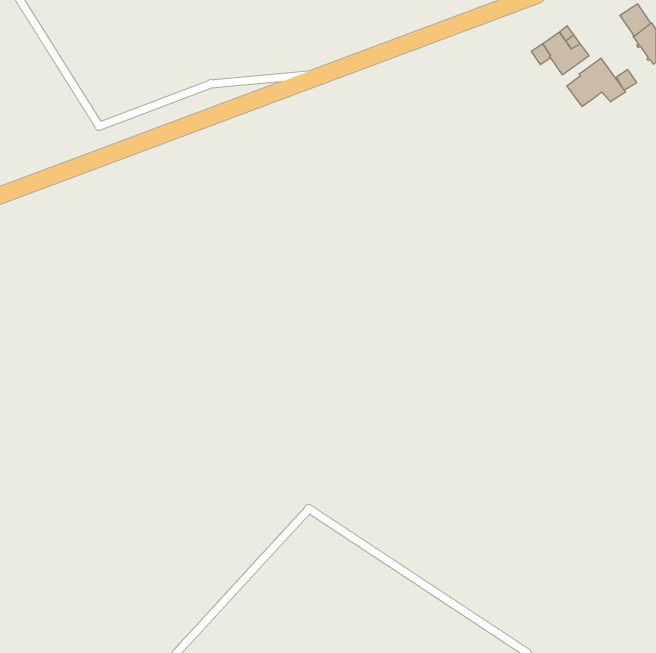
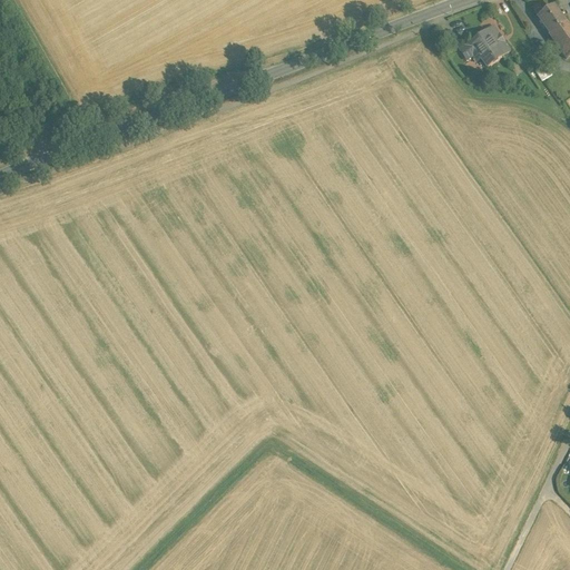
building: [567,58,625,107] -> none

